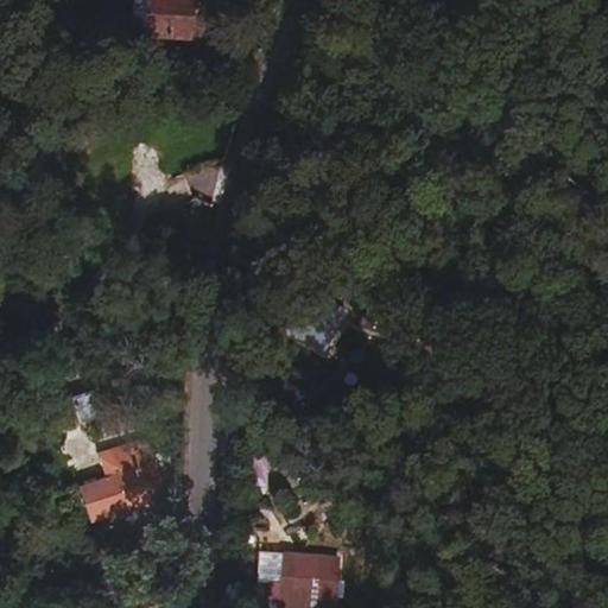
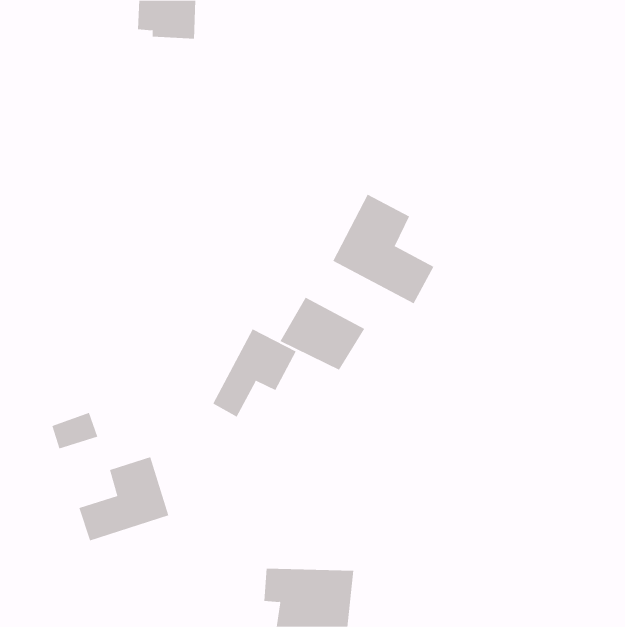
building: none -> [332,194,434,304]
building: none -> [212,329,296,417]

